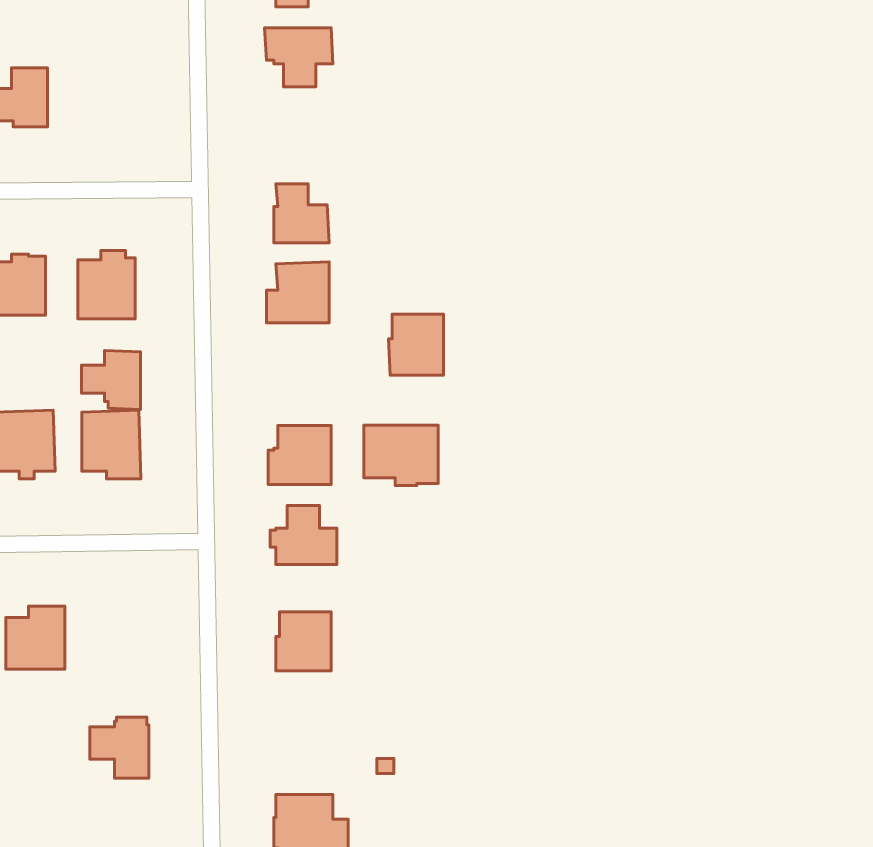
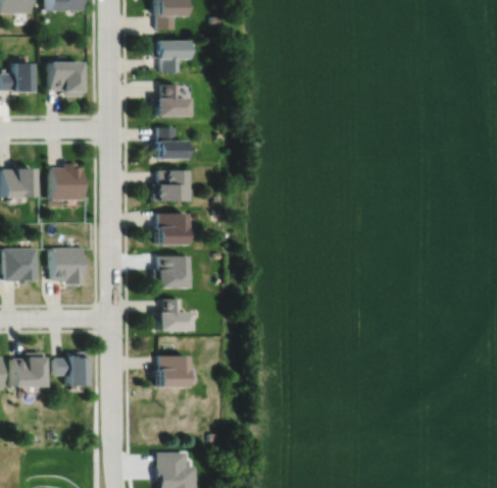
building: none -> [52,64,86,98]
building: none -> [154,84,190,116]
building: [388,314,444,375] -> [157,212,187,245]
building: [82,350,141,410] -> none
building: [364,425,438,485] -> none
building: [90,717,149,778] -> [55,353,87,385]

